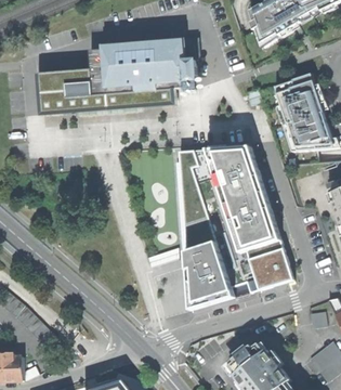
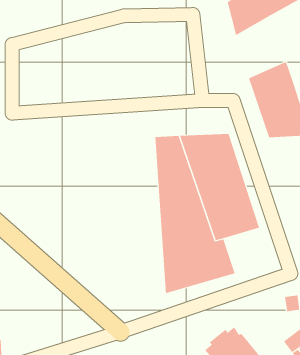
building: [42,36,202,110] -> none
building: [247,240,294,287] -> none

